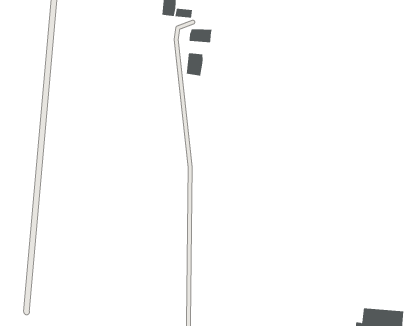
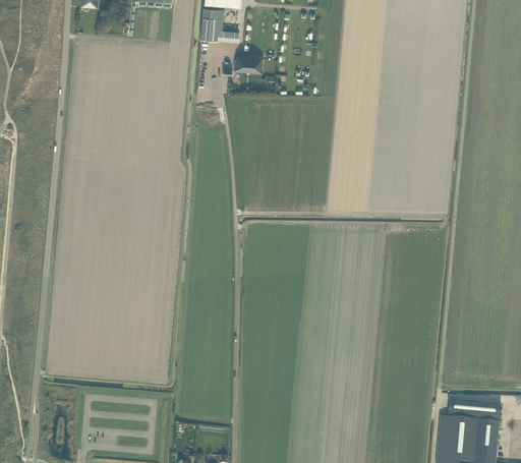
building: [186,53,203,76] -> none

